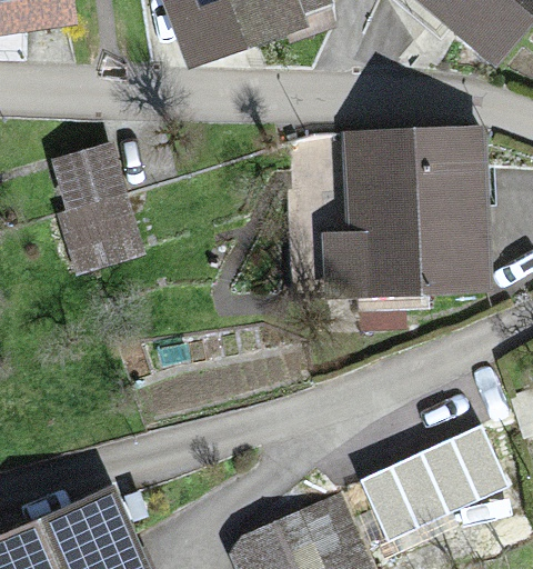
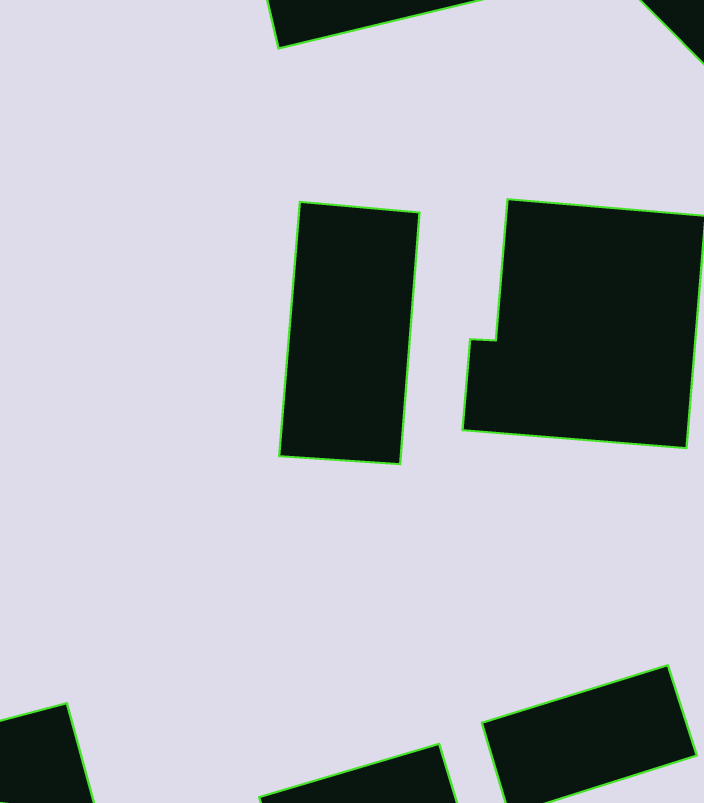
building: none -> [279,202,419,464]
building: [44,158,132,278] -> none

